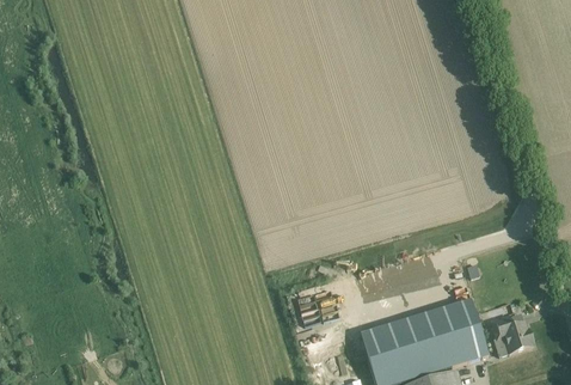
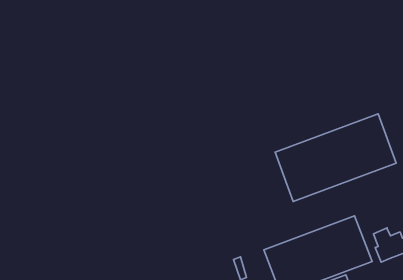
building: none -> [275,114,396,202]

